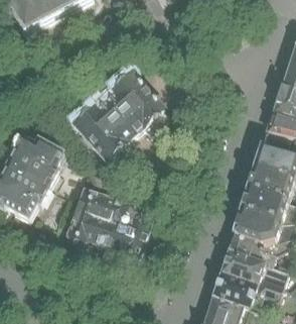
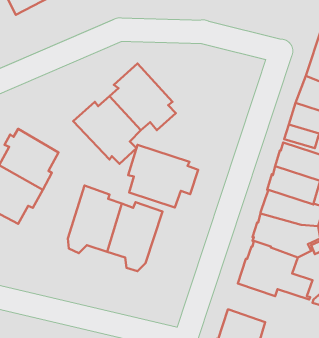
building: none -> [128,145,198,208]
building: [213,273,285,309] -> none

